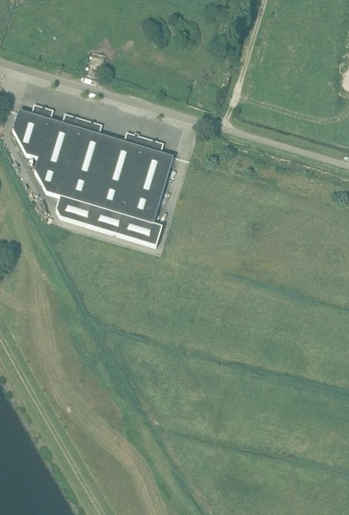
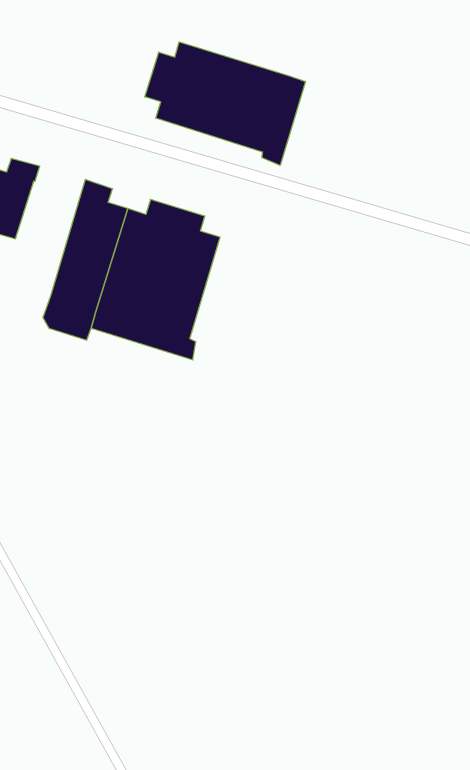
building: none -> [145,42,305,165]
building: [36,115,85,197] -> none

